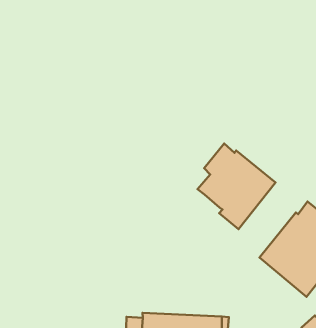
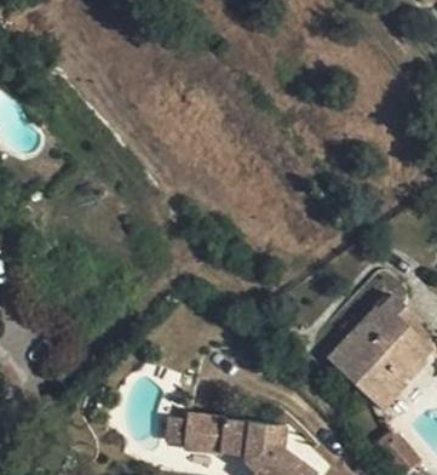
building: [197,143,275,229] -> none

